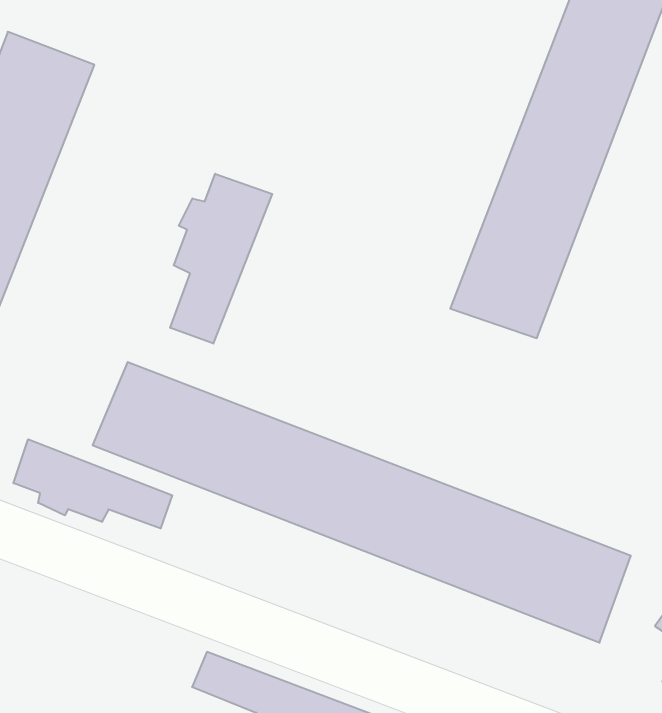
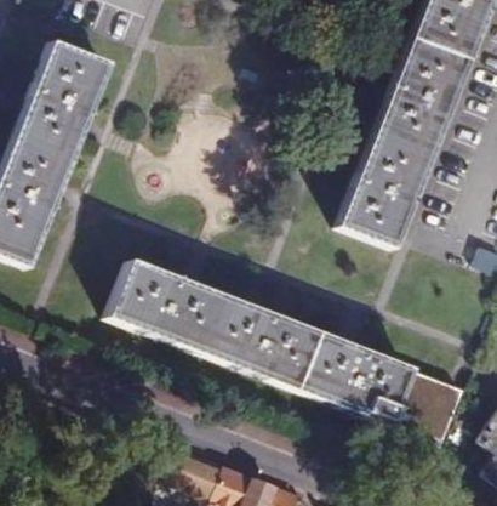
building: [170,174,272,344] -> none
building: [13,439,172,528] -> none

